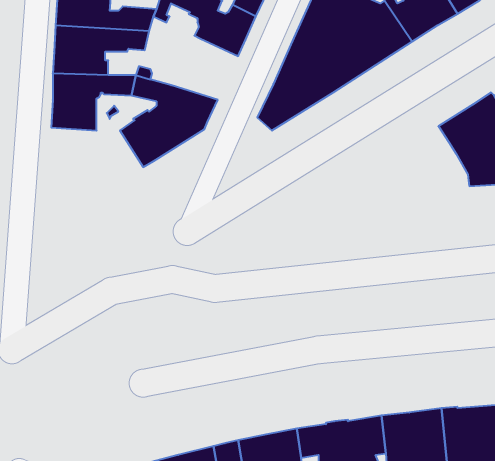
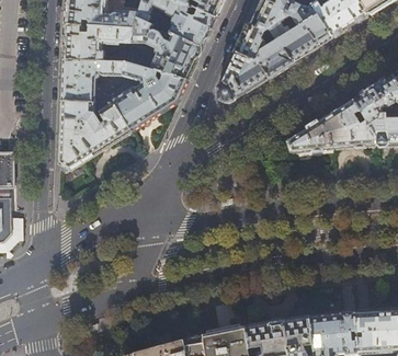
building: none -> [130,18,202,80]
building: none -> [289,100,375,151]
building: none -> [58,101,130,173]

